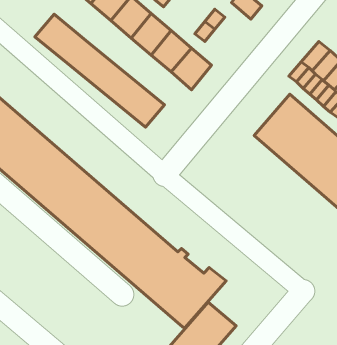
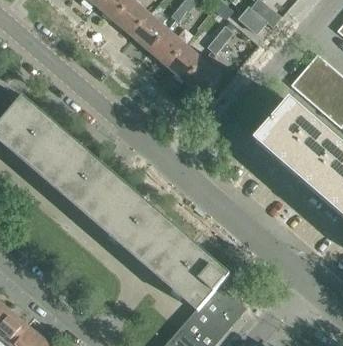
building: [35,14,165,127] -> none

